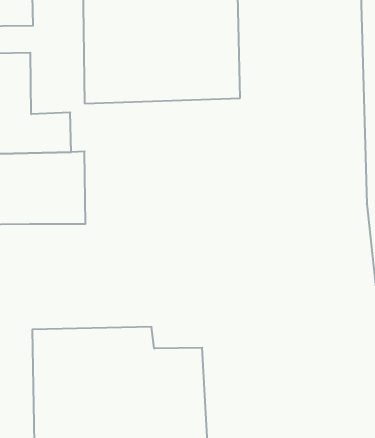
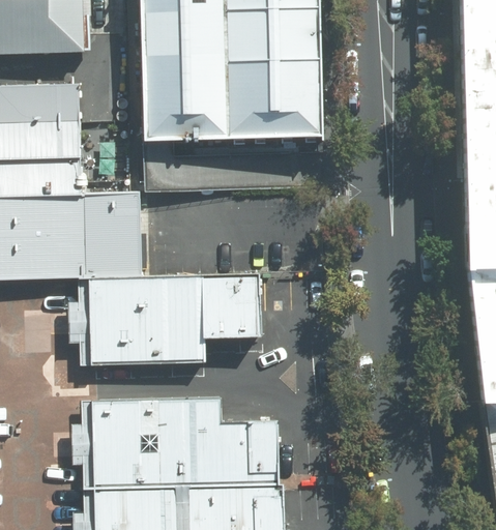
building: none -> [81,273,262,364]

